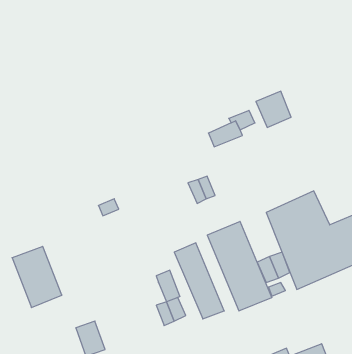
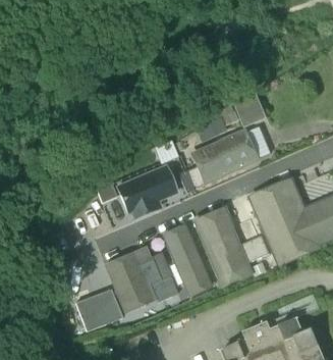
building: none -> [193,126,260,178]
building: none -> [116,166,182,217]
building: [12,246,62,308] -> [104,254,149,309]

